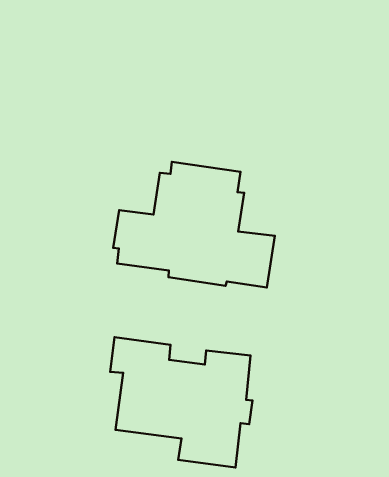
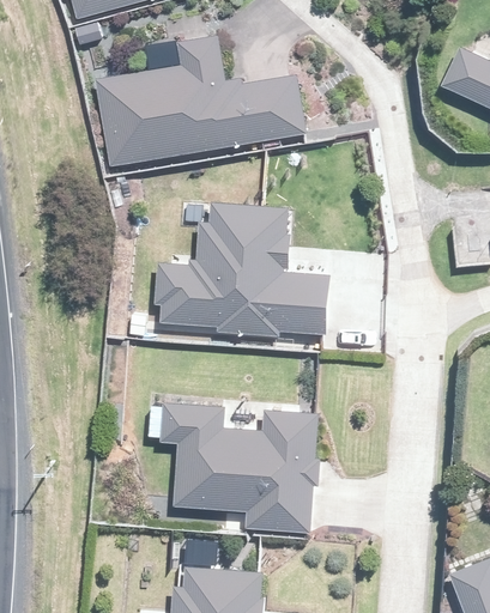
building: none -> [93,35,308,164]

